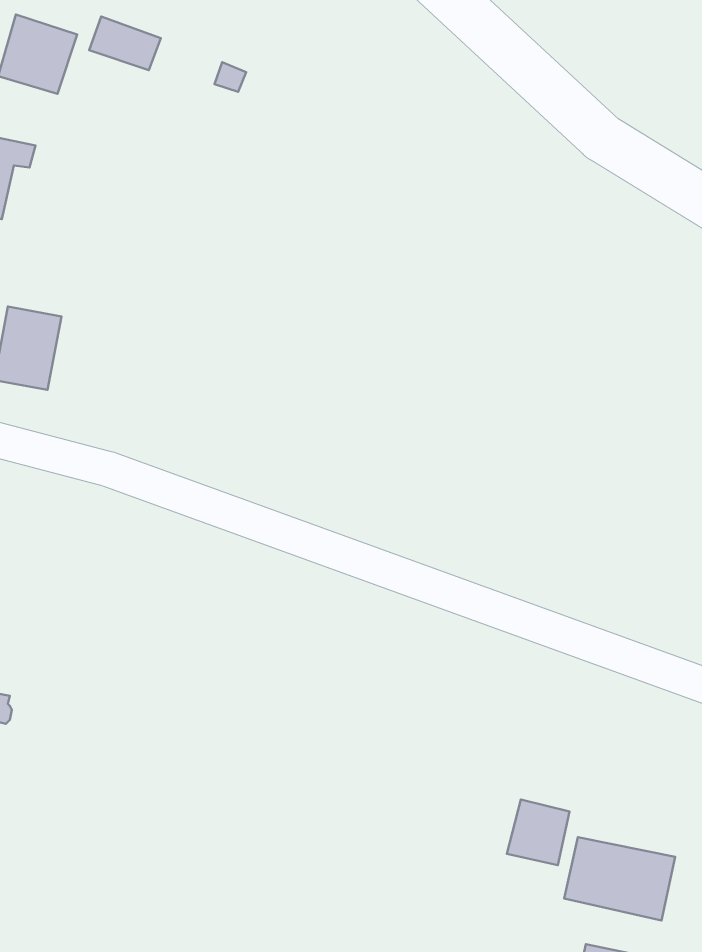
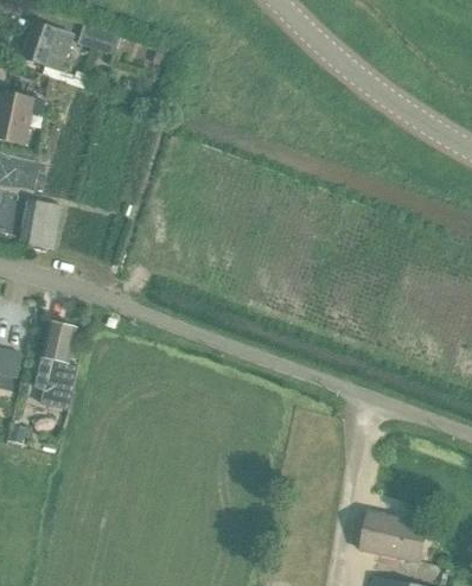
building: none -> [33,321,77,410]
building: [507,799,570,865] -> none

